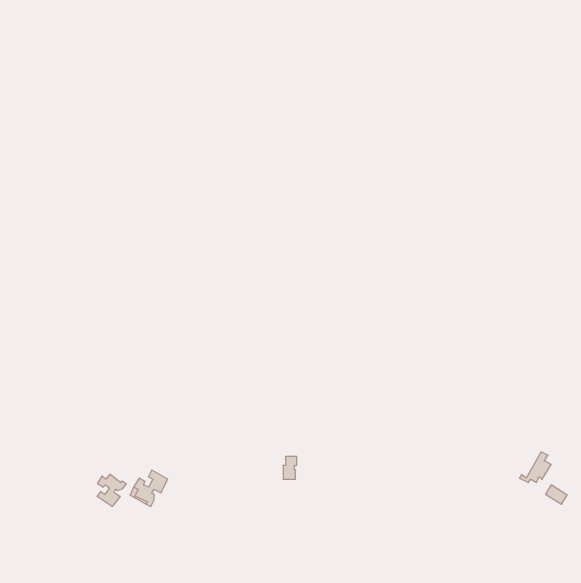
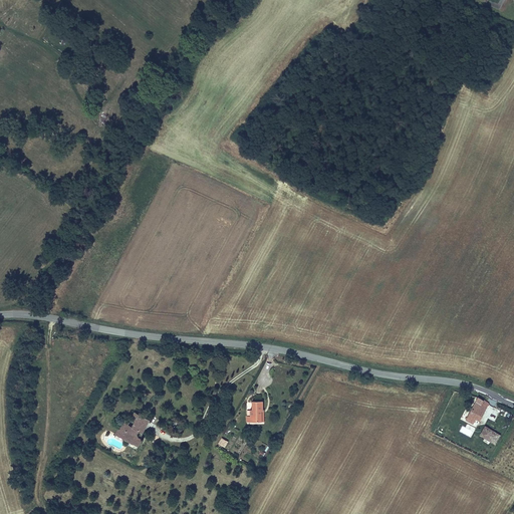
building: [97,474,126,507] -> none

